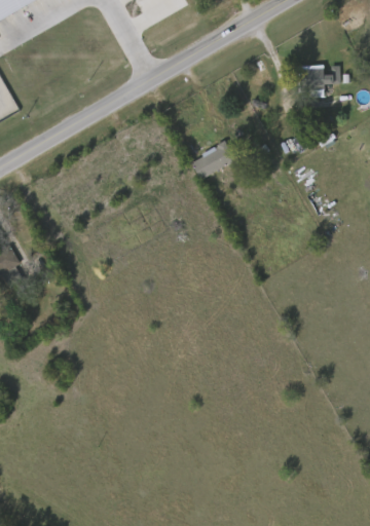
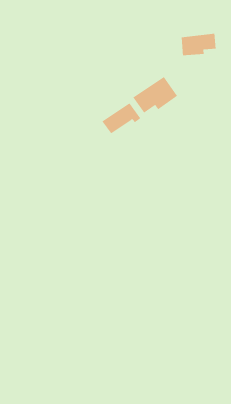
building: none -> [133,76,178,114]

